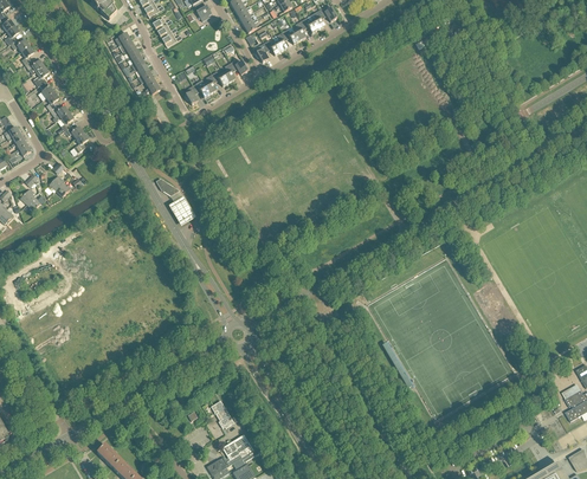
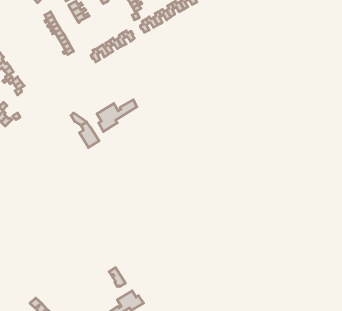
building: none -> [97,100,137,132]

